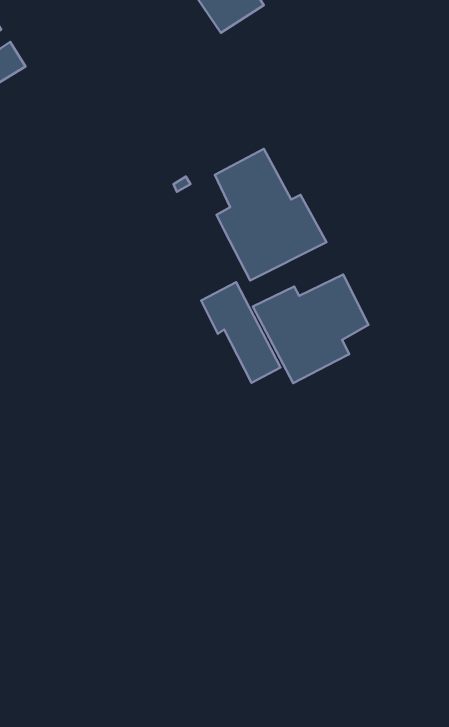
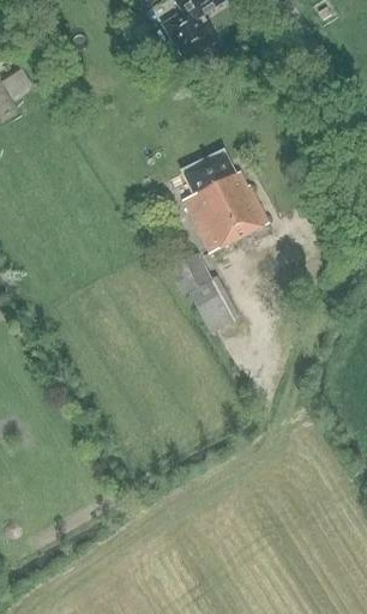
building: [253,275,369,383] -> none

